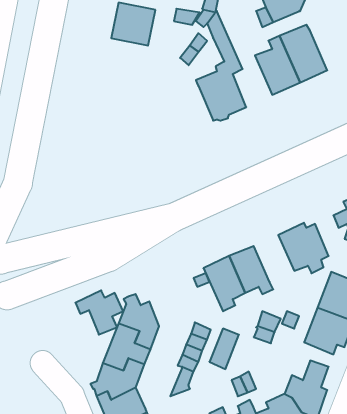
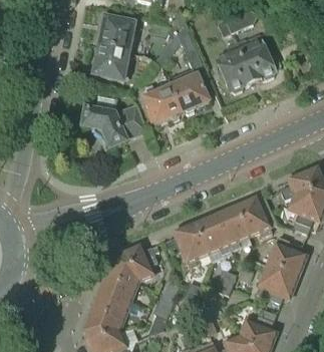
building: none -> [93,45,128,80]
building: none -> [143,82,182,124]
building: none -> [82,97,146,148]
building: none -> [215,206,248,250]
building: [75,290,123,335] -> [118,244,157,280]

